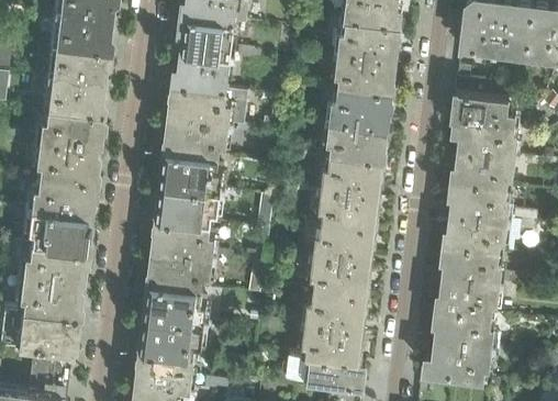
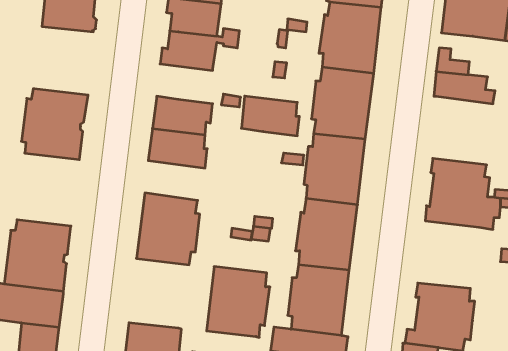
building: [44,49,105,120] -> none
building: [169,88,228,129] -> [241,96,299,136]
building: [451,121,517,191] -> none
building: [22,179,90,254] -> none
building: [157,187,219,227] -> none
building: [436,248,502,318] -> none
building: [141,287,205,359] -> [207,267,270,337]

